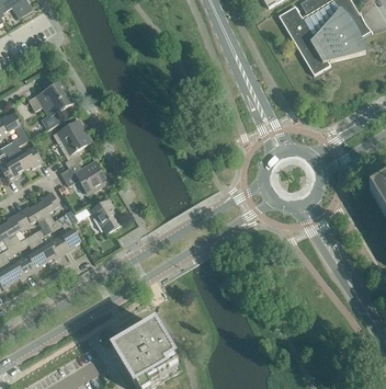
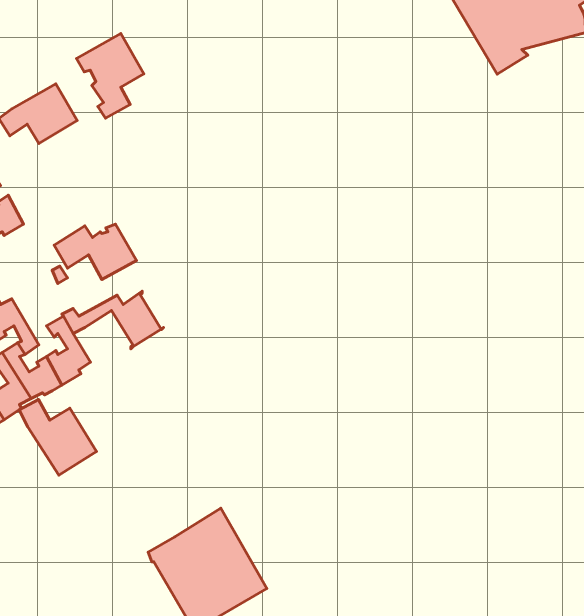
building: [53,118,91,167] -> [77,34,144,118]
building: [36,191,61,229] -> none
building: none -> [19,399,96,475]

